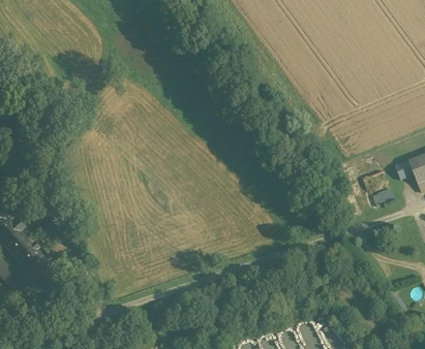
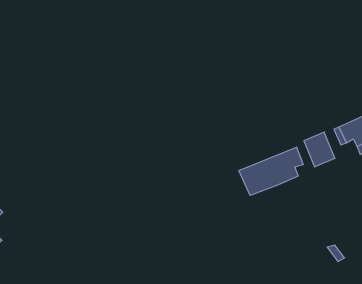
building: none -> [239,147,303,195]

